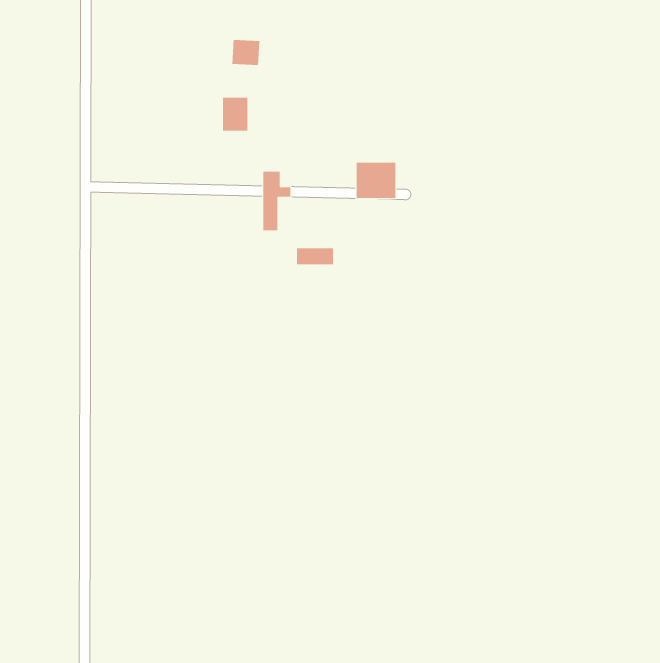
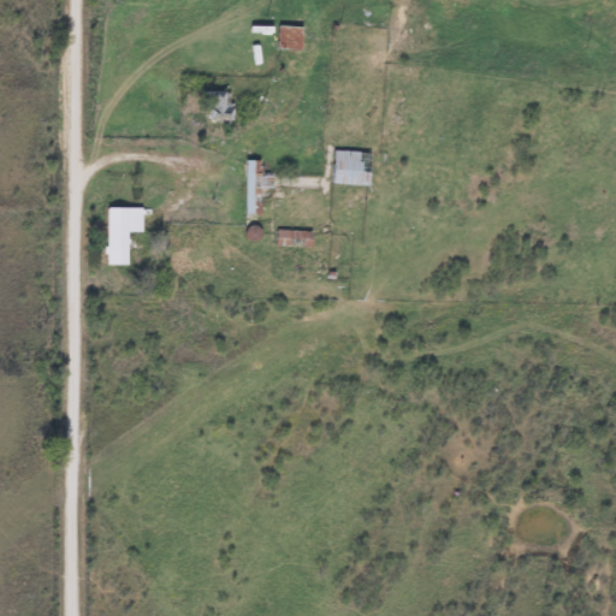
building: [232,40,260,65] -> [278,24,304,48]
building: none -> [108,208,144,266]

